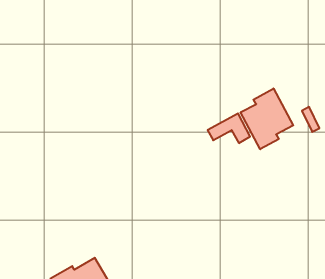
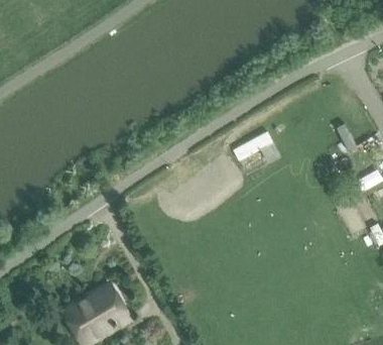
building: [241,88,293,149] -> none

